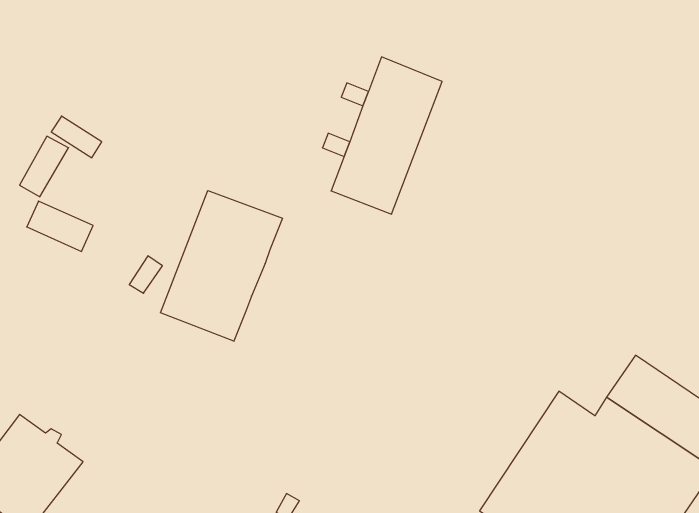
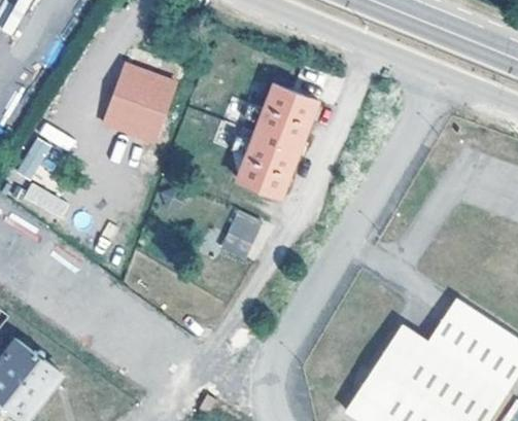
building: none -> [101,65,178,148]
building: [160,191,283,341] -> none
building: none -> [225,213,261,258]

